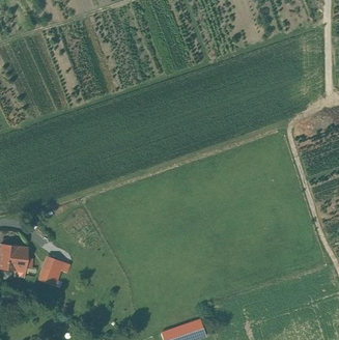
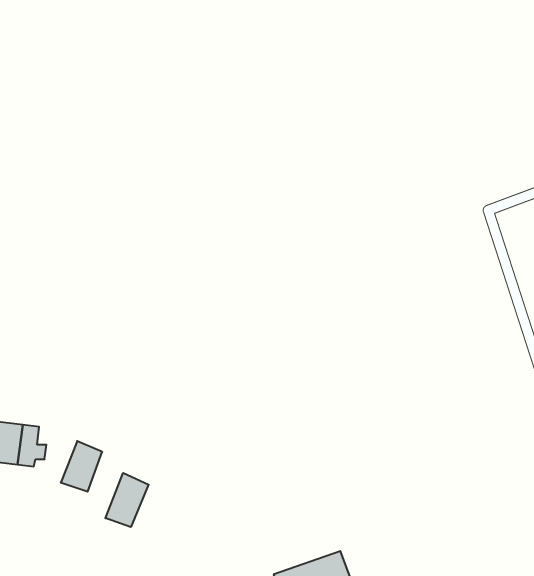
building: none -> [105,473,149,527]

